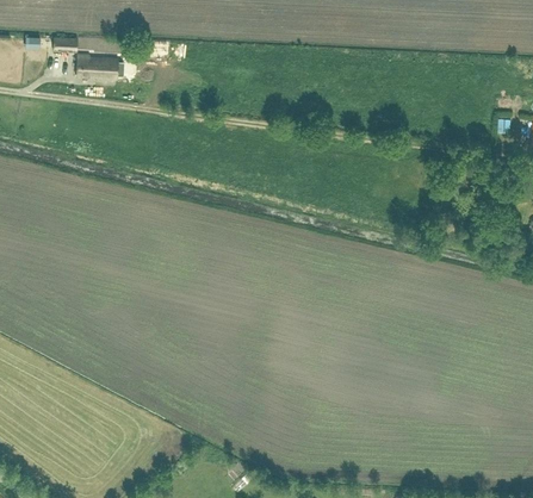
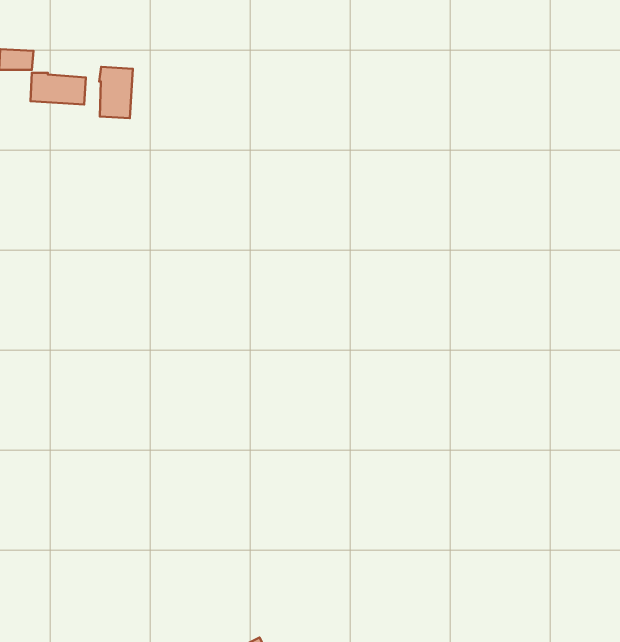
building: none -> [99,67,133,118]

